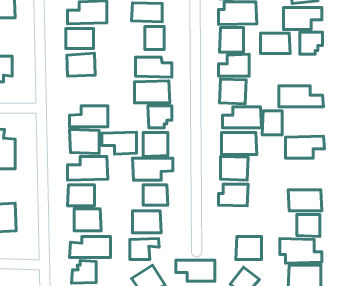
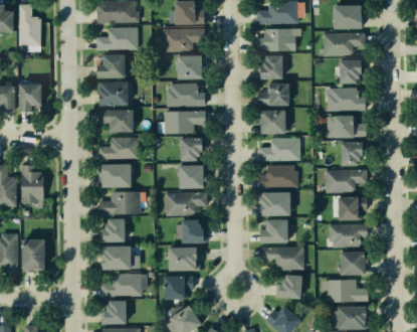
building: [260,33,290,53] -> [330,89,361,110]
building: [262,111,282,135] -> [340,142,361,167]
building: [102,132,136,154] -> [99,109,136,132]
building: none -> [337,197,369,221]
building: [176,260,215,281] -> [264,247,305,270]

